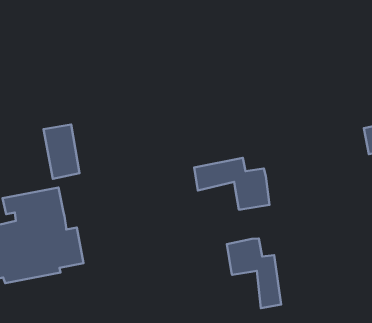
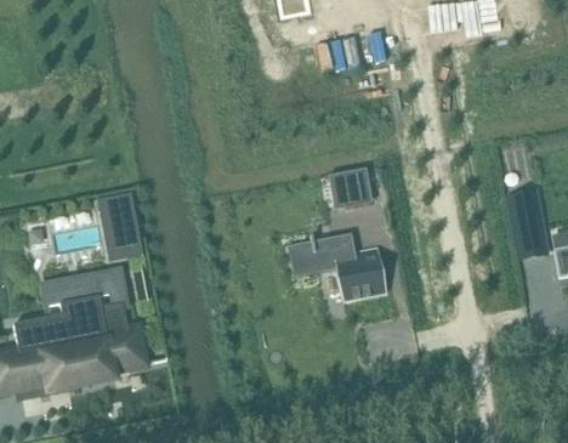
building: none -> [326,166,371,209]
building: [227,238,281,308] -> none

